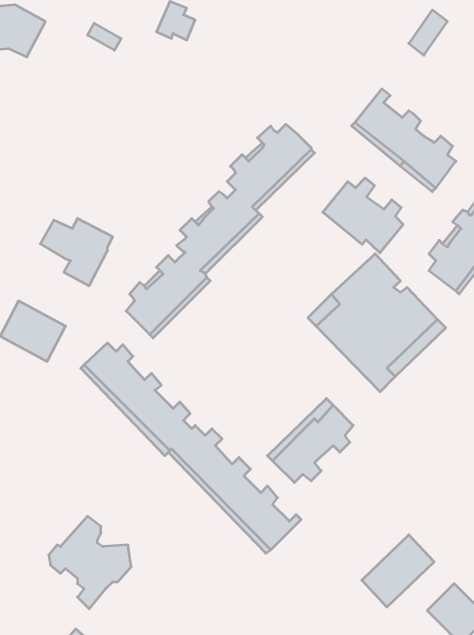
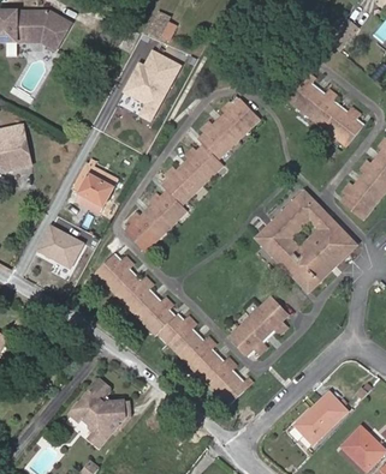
building: none -> [127,48,183,124]
building: [323,178,403,253] -> none

